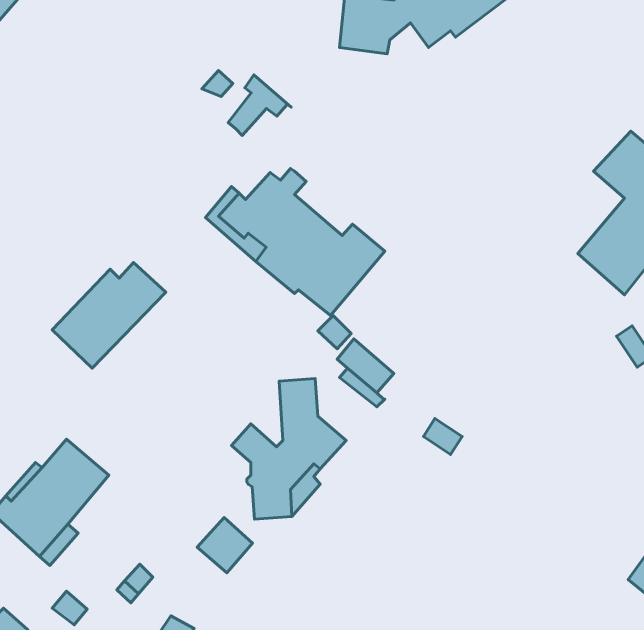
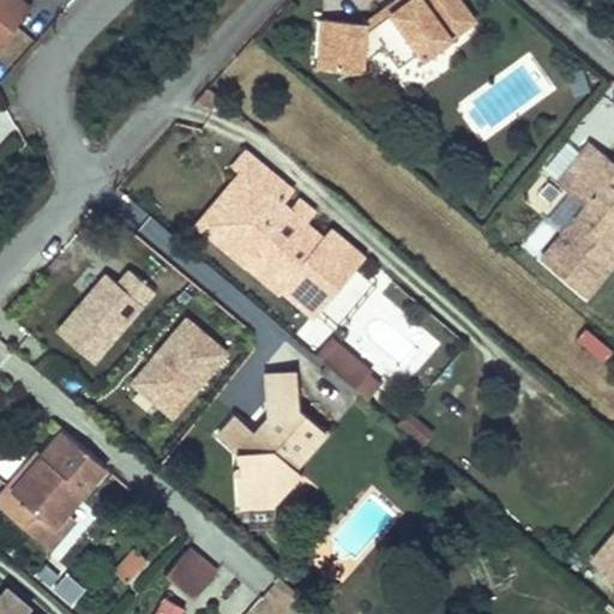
building: [228,75,291,135] -> [219,152,278,209]
building: none -> [126,314,230,421]
building: [197,517,253,573] -> [165,547,217,598]

